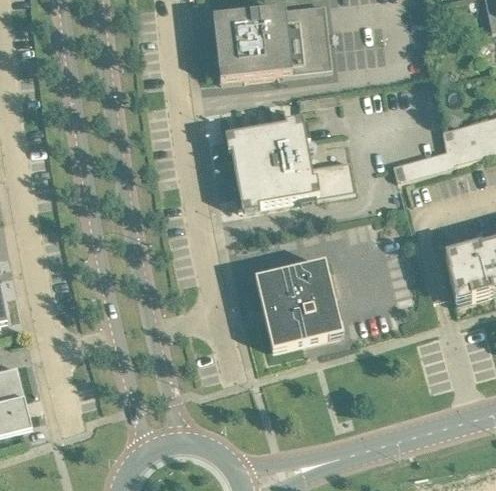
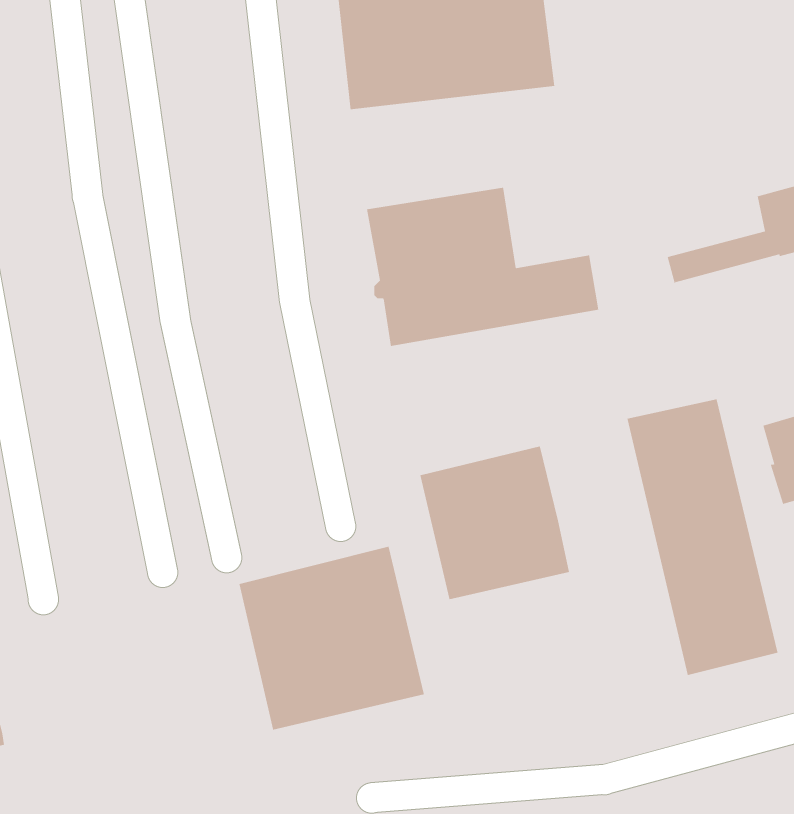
building: none -> [627,398,778,676]
building: none -> [239,546,425,731]

